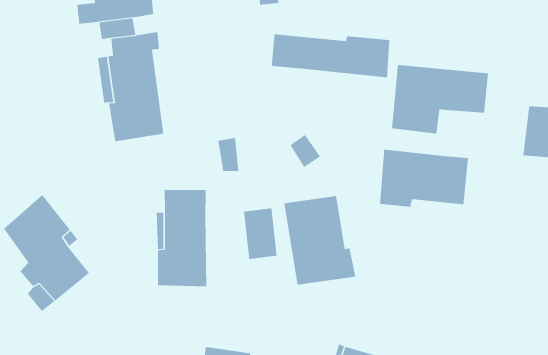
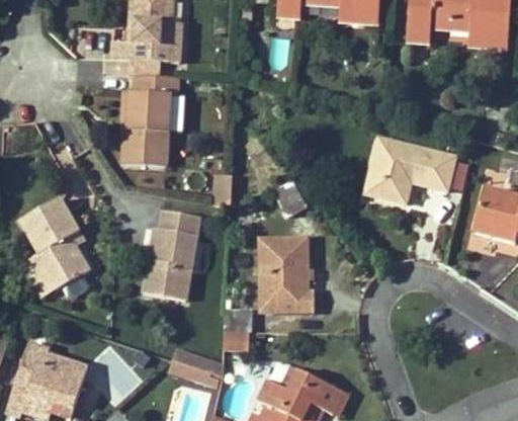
building: [271,34,390,78] -> none
building: [380,149,468,207] -> none
building: [243,208,278,259] -> [224,308,251,350]

